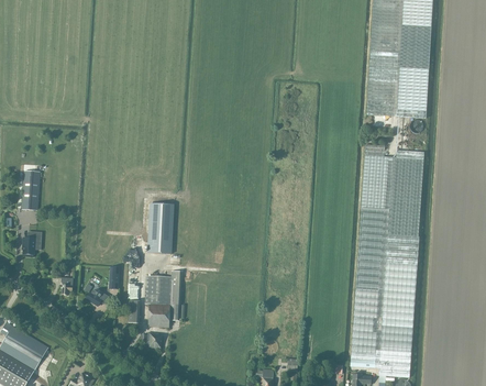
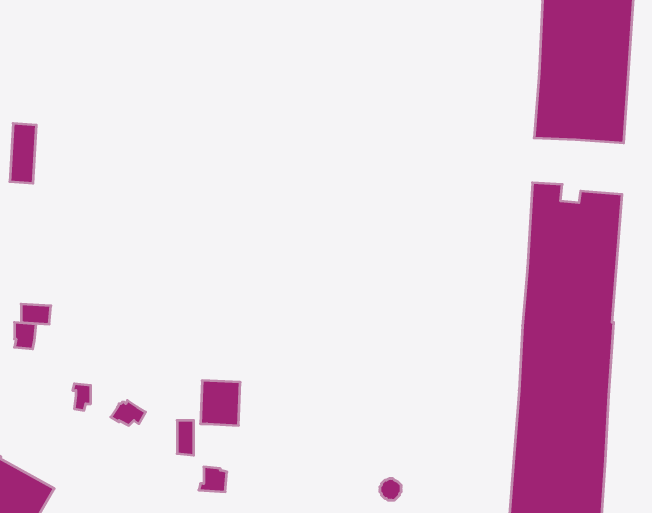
building: [22,170,40,210] -> [10,123,36,183]
building: [148,202,173,254] -> none
building: [148,304,170,327] -> none

